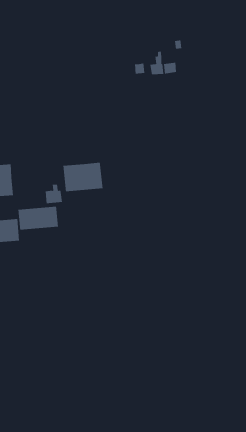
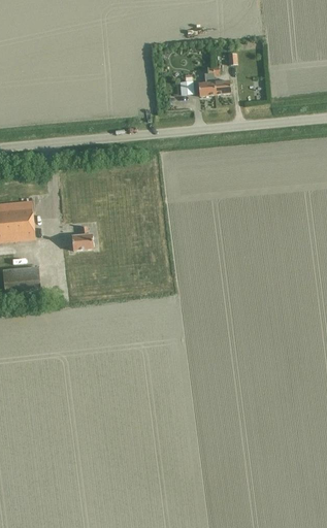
building: [63,162,103,192] -> none
building: [18,206,58,231] -> none

